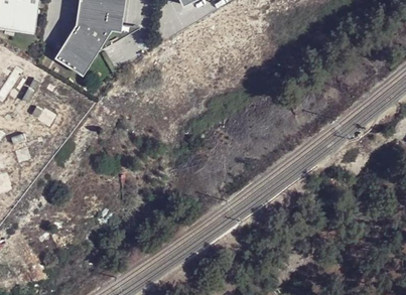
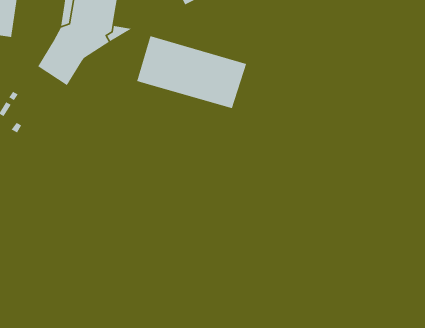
building: none -> [136,35,247,109]

